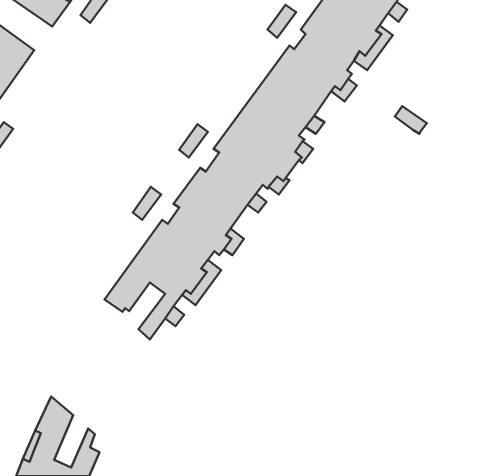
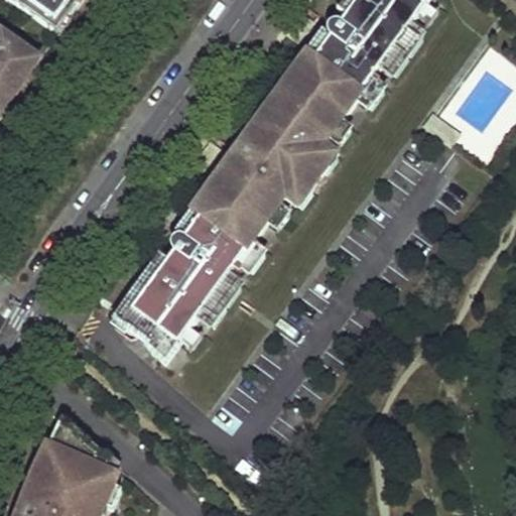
building: none -> [130,300,175,350]
building: none -> [57,441,94,497]

